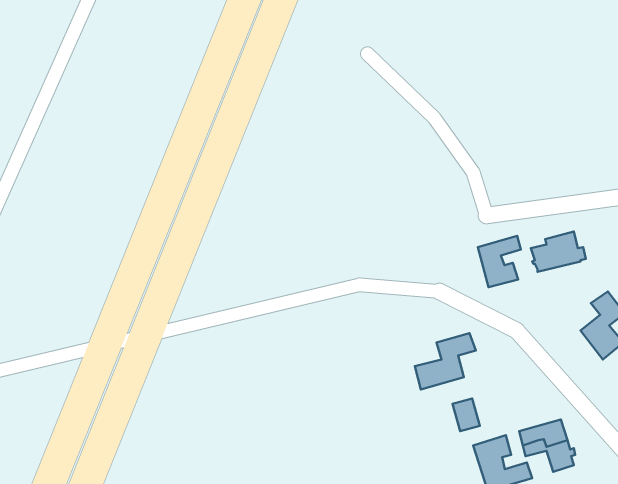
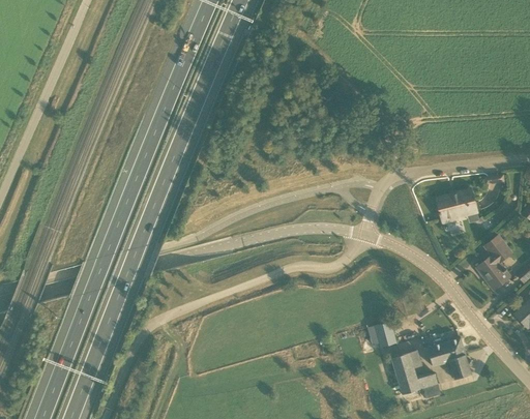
building: [478,236,521,287] -> none
building: [415,333,476,389] -> none

